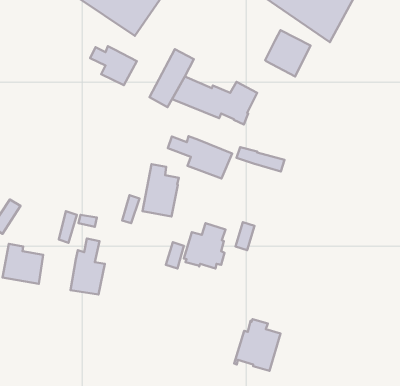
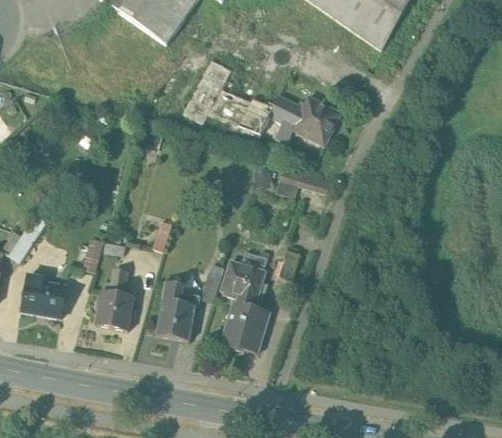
building: [265,30,311,76] -> [291,96,341,147]
building: [90,46,137,85] -> none
building: [168,136,232,179] -> none
building: [143,164,179,217] -> [156,283,196,341]
building: [234,319,280,371] -> [219,296,270,353]

